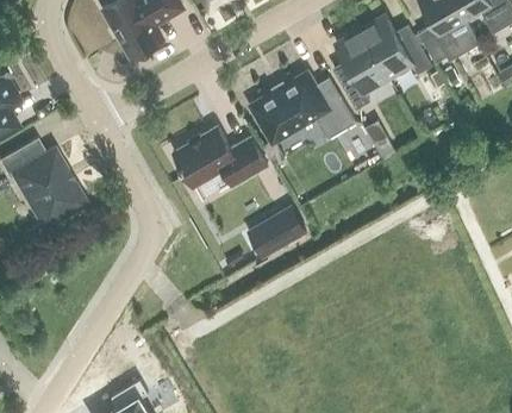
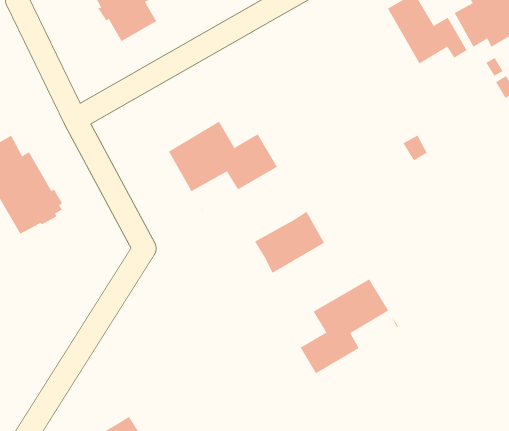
building: [335,31,388,109] -> none
building: [251,75,355,142] -> none
building: none -> [300,279,399,374]

